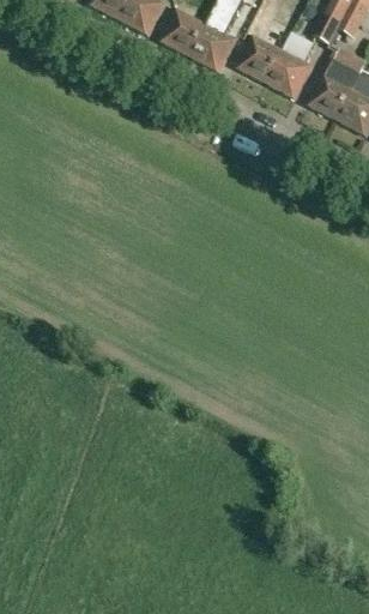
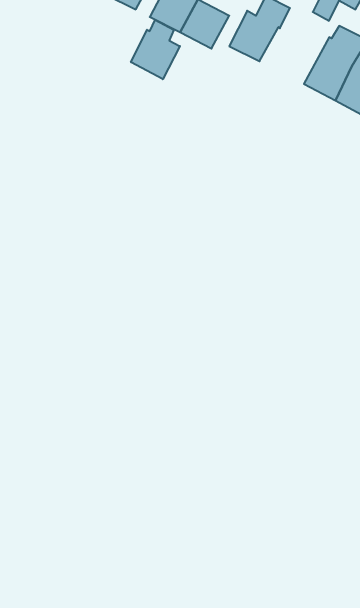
building: [265,34,316,100] -> none
building: none -> [131,20,180,79]

